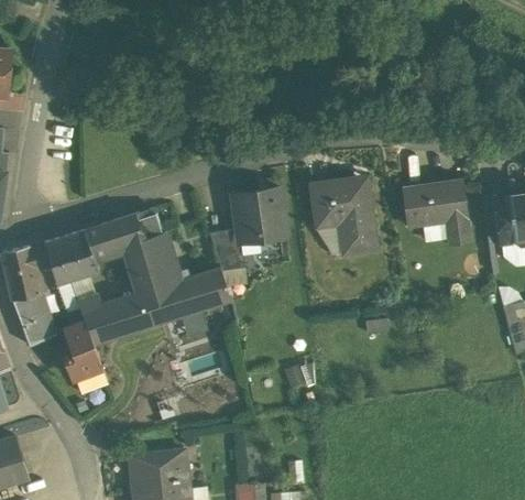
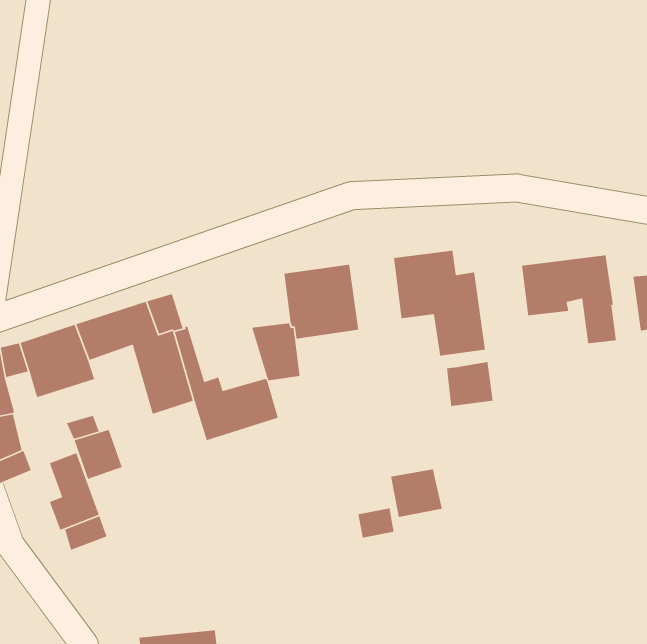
building: none -> [446,361,493,407]
building: [109,286,178,334] -> none
building: none -> [390,468,443,518]

